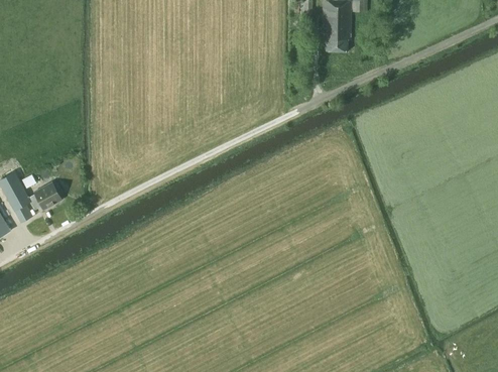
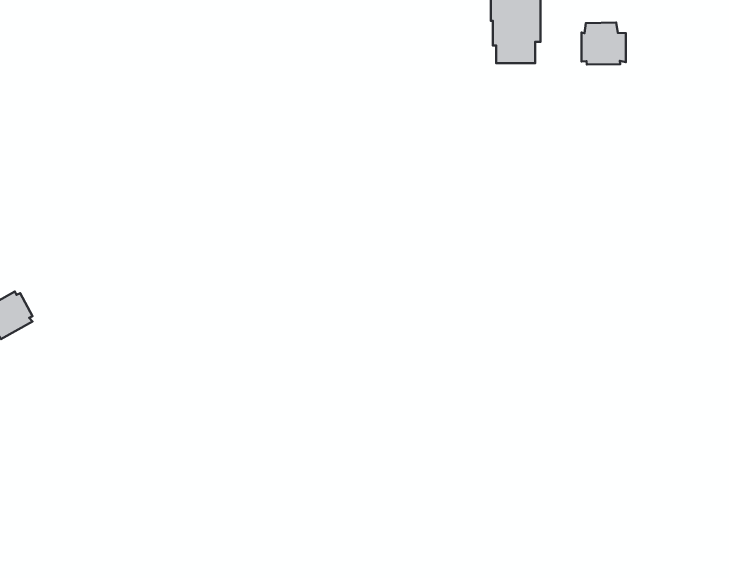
building: none -> [582,22,626,64]

